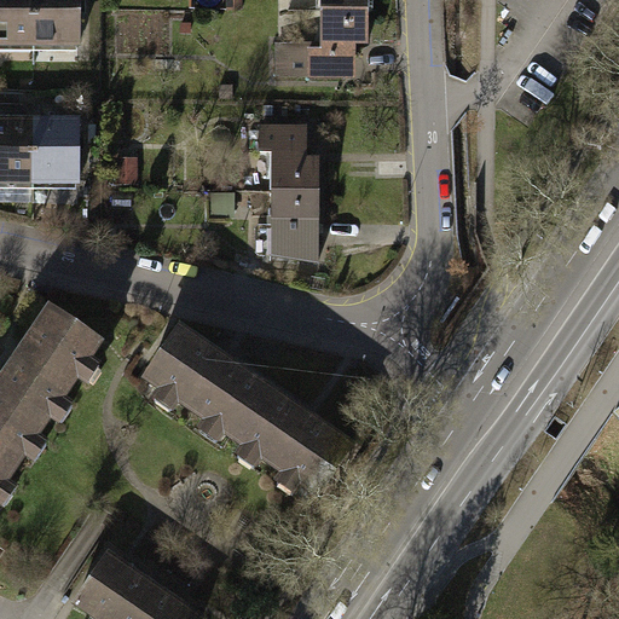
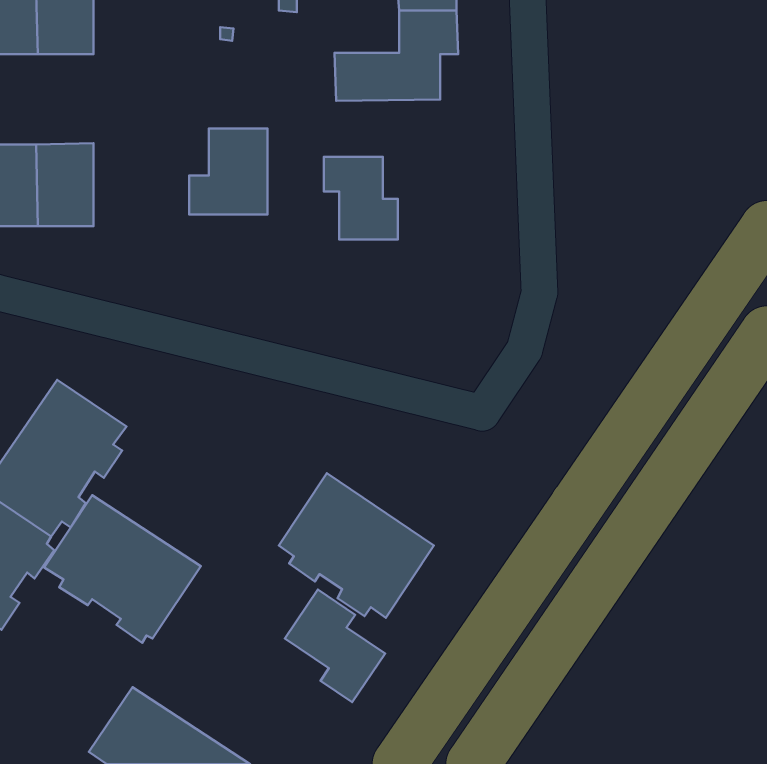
building: [256,192,319,261] -> [189,129,267,215]
building: [137,323,262,441] -> [44,495,201,643]
building: none -> [285,590,385,702]

